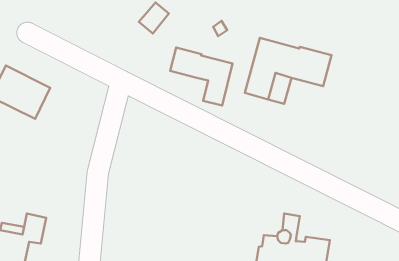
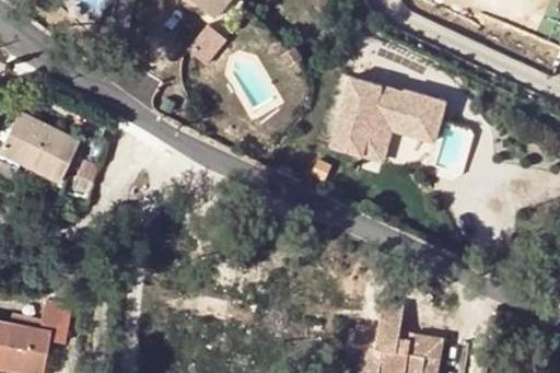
building: [170,47,233,105] -> none

